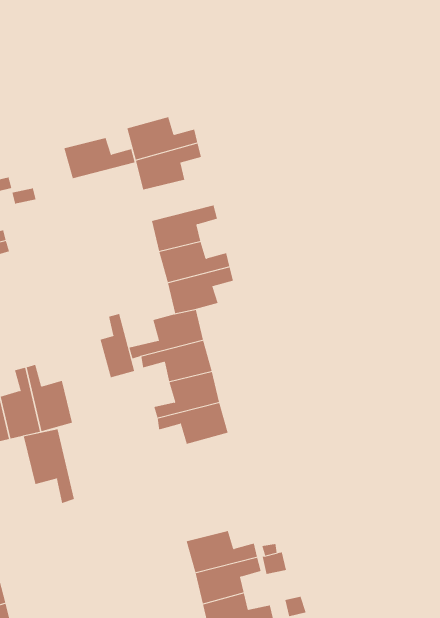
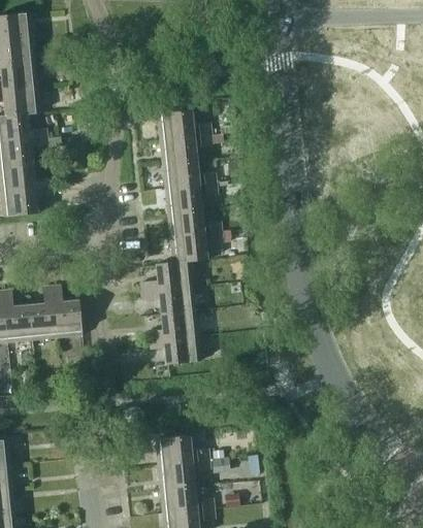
building: [64,138,135,179] -> [162,160,216,188]
building: [100,313,135,378] -> none
building: [23,429,74,504] -> none

